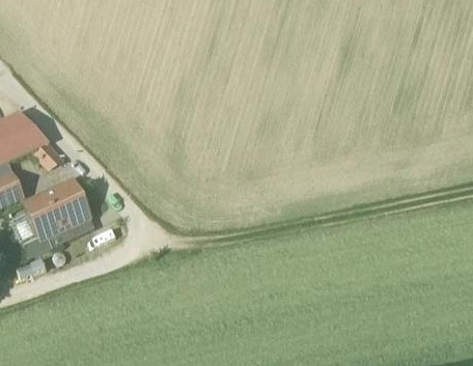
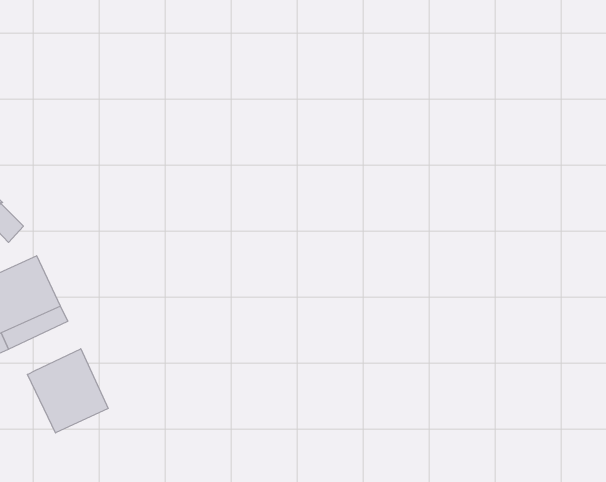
building: none -> [27,349,108,433]

